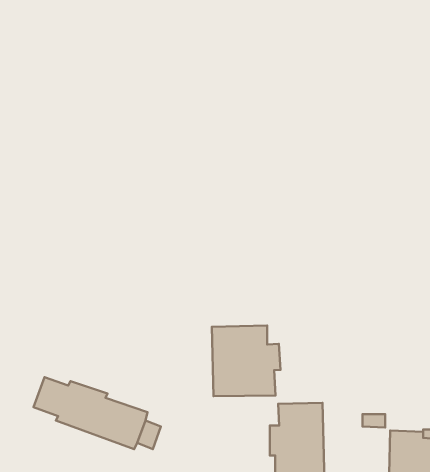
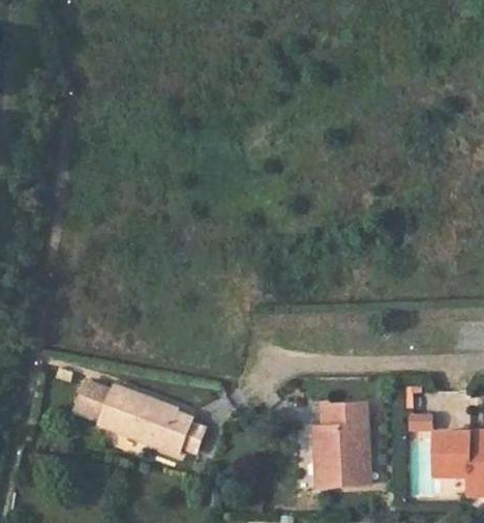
building: [212,325,281,396] -> none

